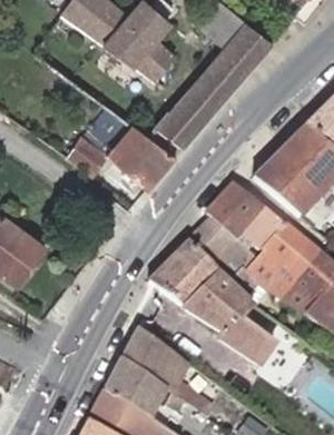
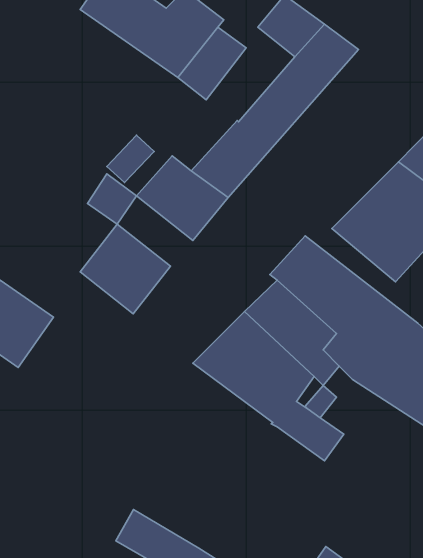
building: none -> [80,224,170,314]
building: [104,328,208,418] -> none

